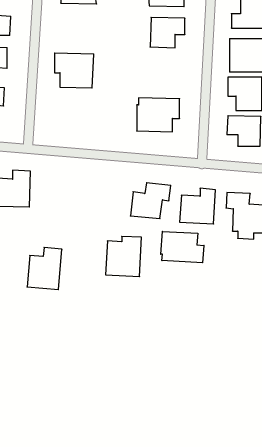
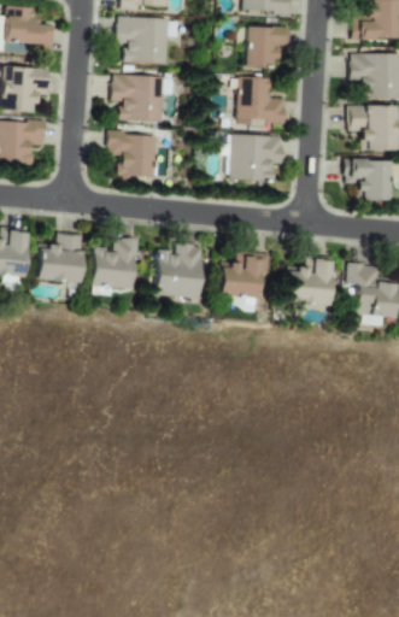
building: none -> [119,17,172,64]
building: none -> [239,77,287,125]
building: none -> [111,133,162,177]
building: [161,231,204,263] -> none
building: [106,236,141,277] -> [156,243,204,298]
building: [27,247,62,290] -> [93,237,140,294]

